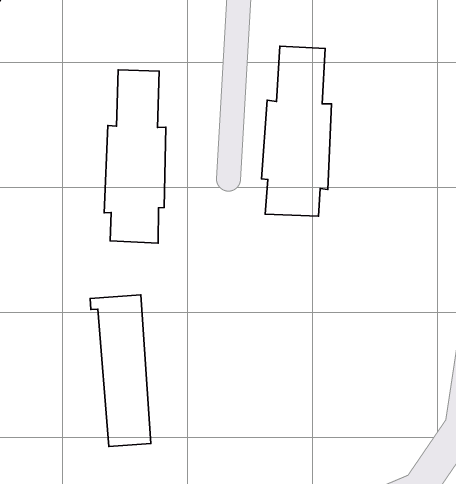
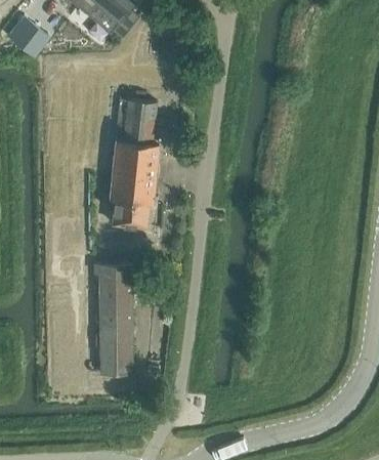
building: [262,46,332,216] -> none

